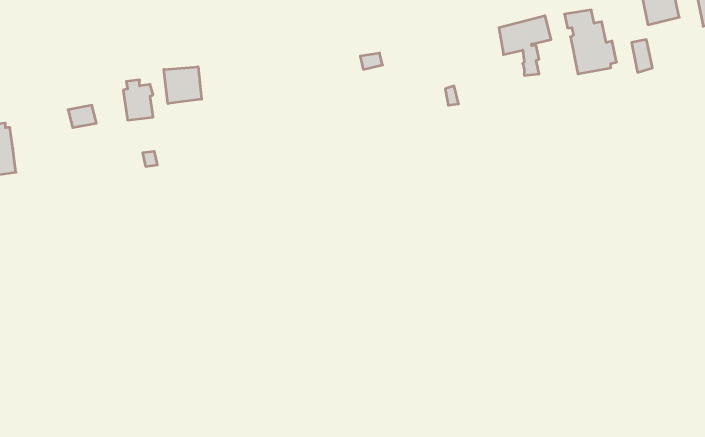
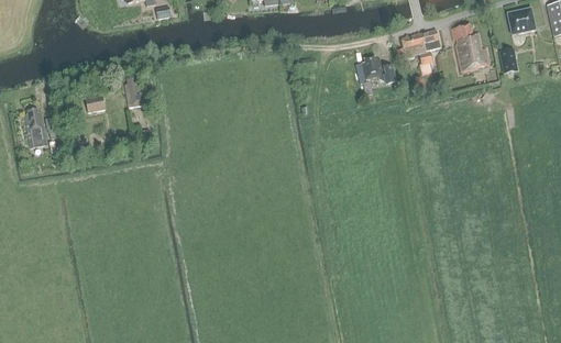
building: none -> [361,55,396,82]
building: [164,67,202,104] -> none

